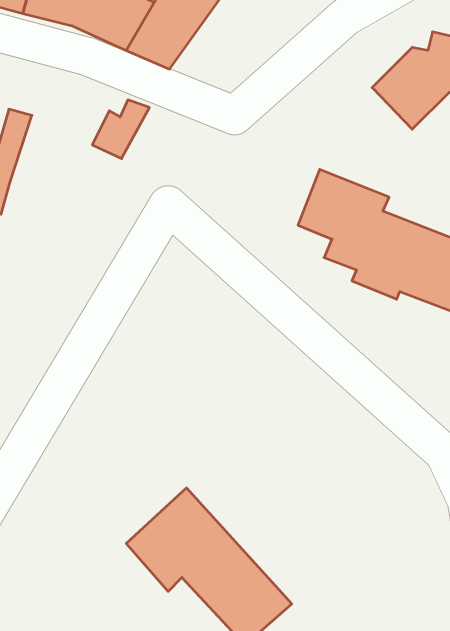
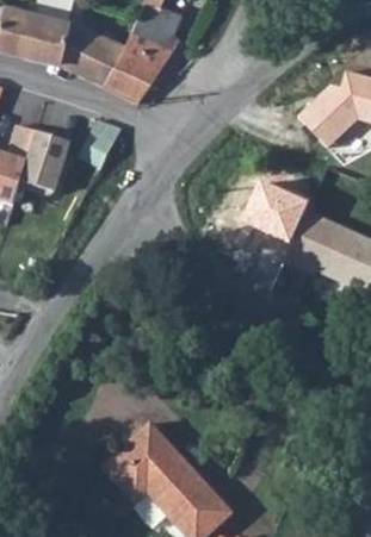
building: none -> [14,135,64,196]

